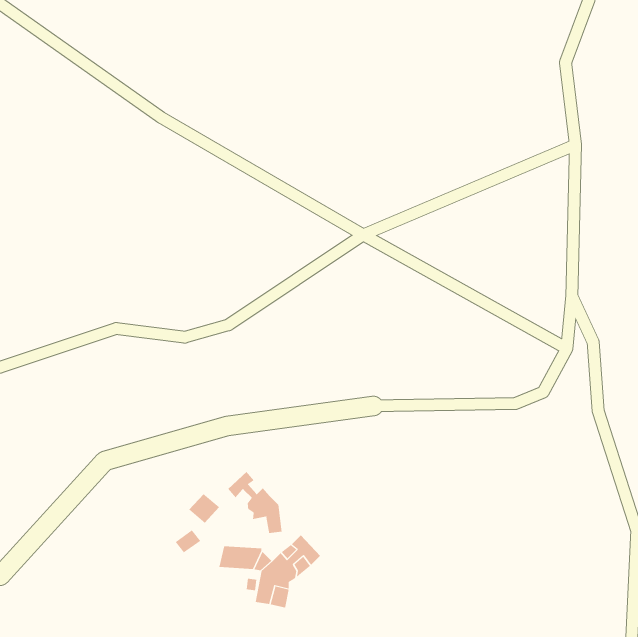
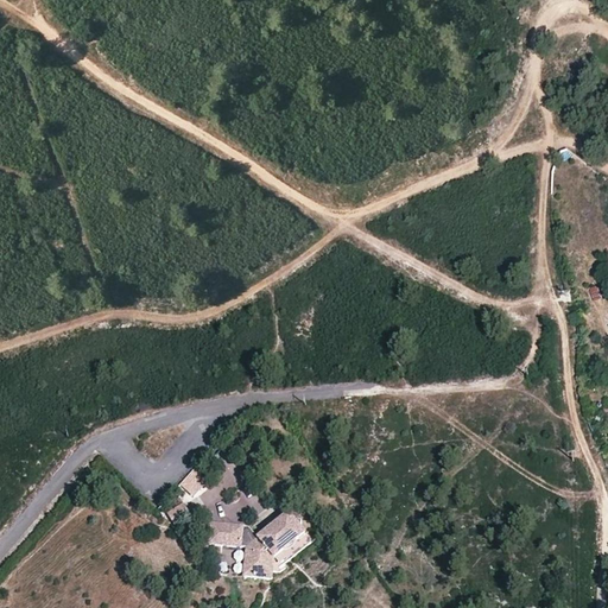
building: [228,471,282,534] -> none

